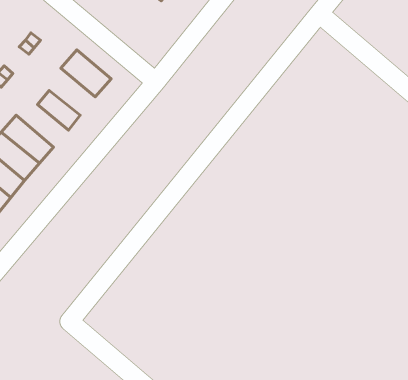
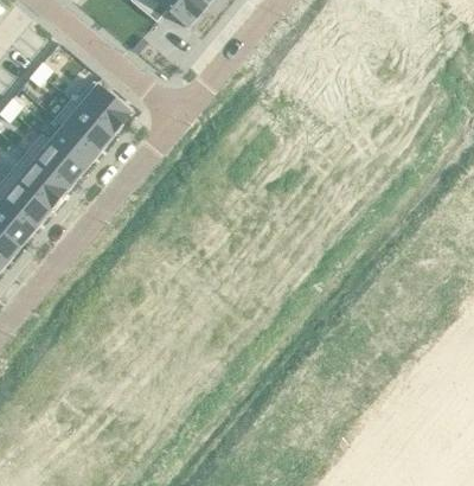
building: none -> [53,98,113,154]
building: none -> [25,135,83,190]

